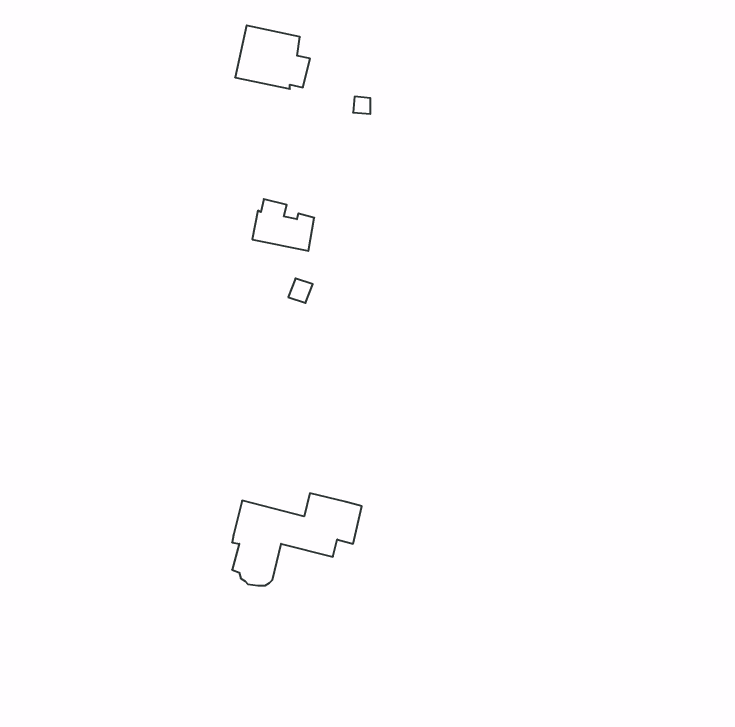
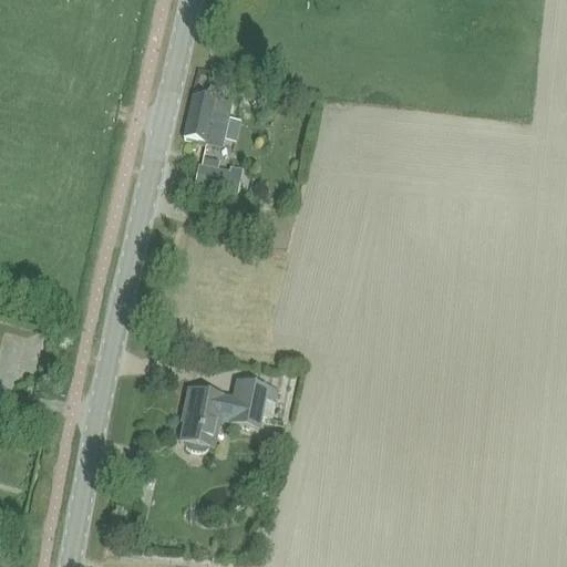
building: [235,25,310,89] -> [184,92,241,141]

